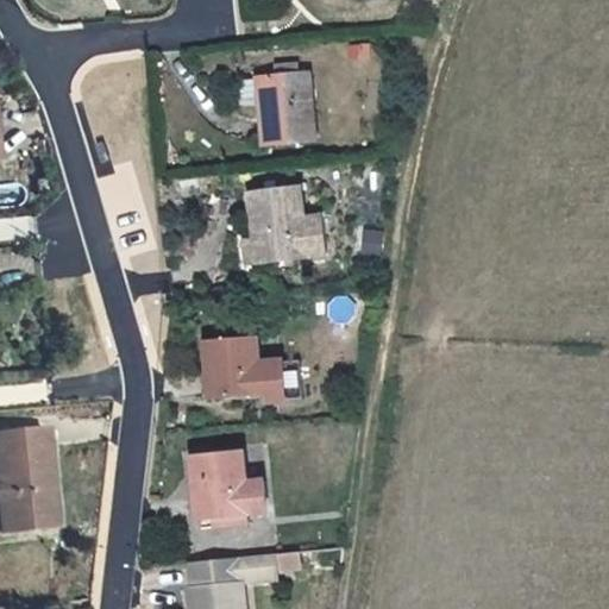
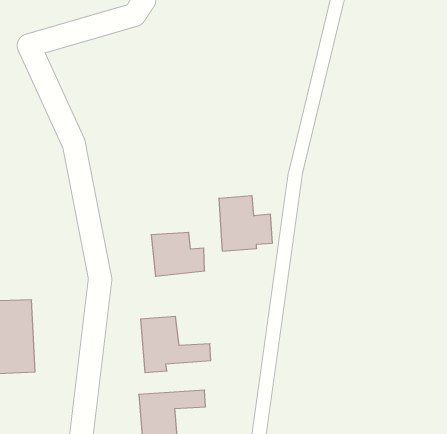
building: [260,68,315,133] -> none
building: [252,181,325,256] -> [219,196,272,251]

